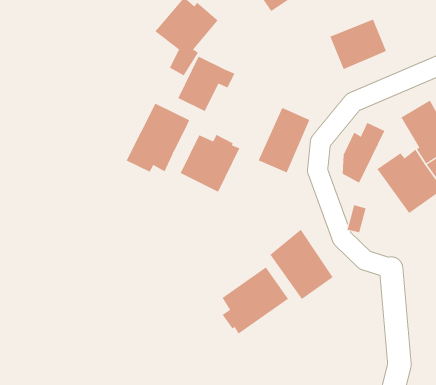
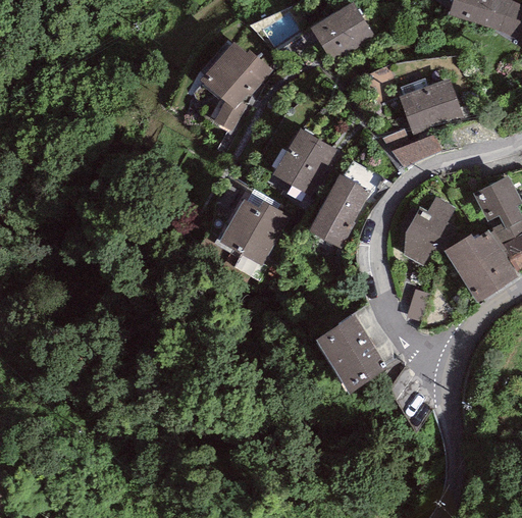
building: [177,56,235,112] -> [272,127,340,192]
building: none -> [390,134,441,167]
building: [126,103,190,173] -> none
building: [222,267,289,334] -> none

